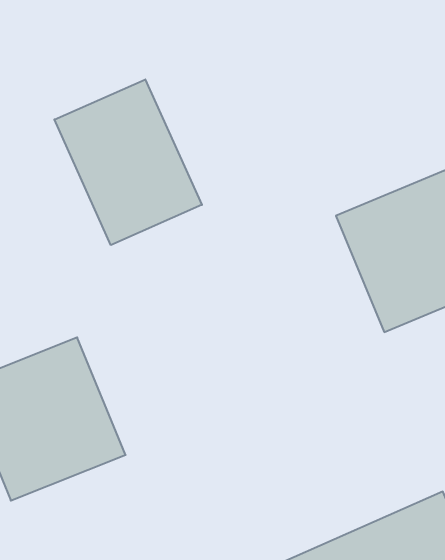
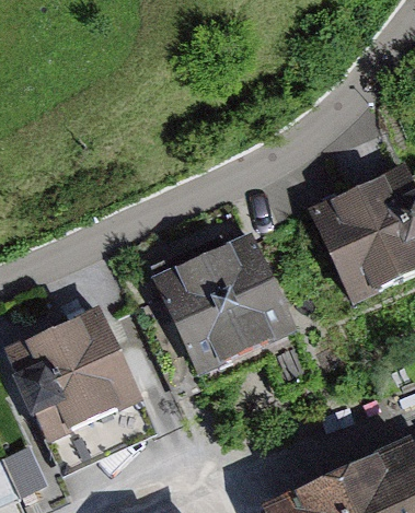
building: [54,79,202,245] -> none
building: none -> [150,233,295,375]

